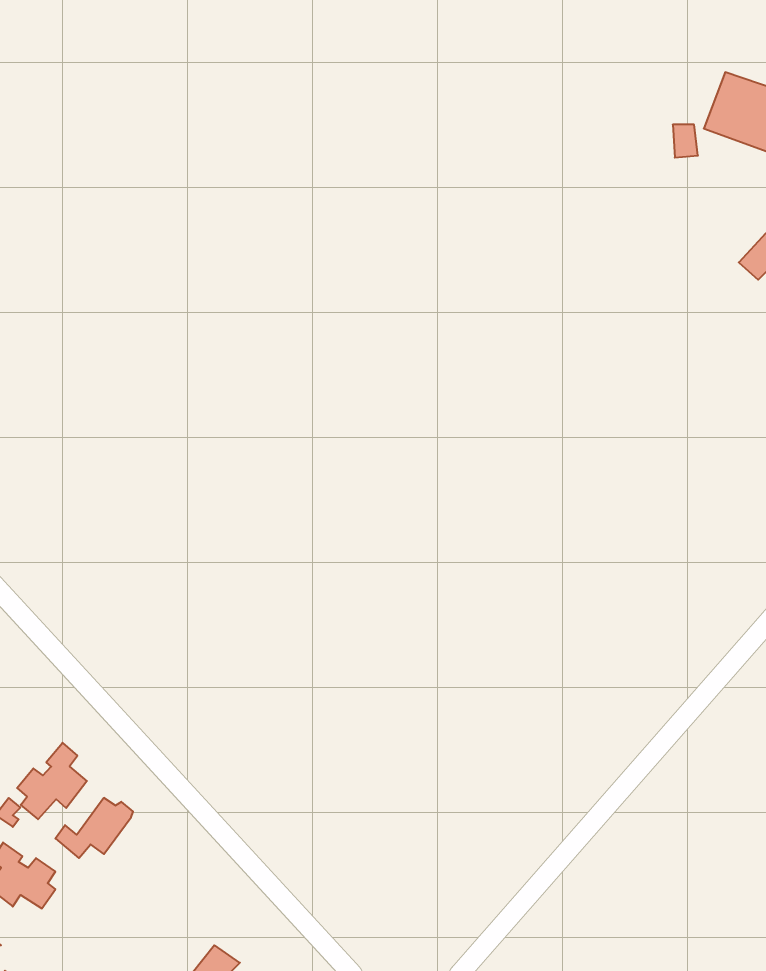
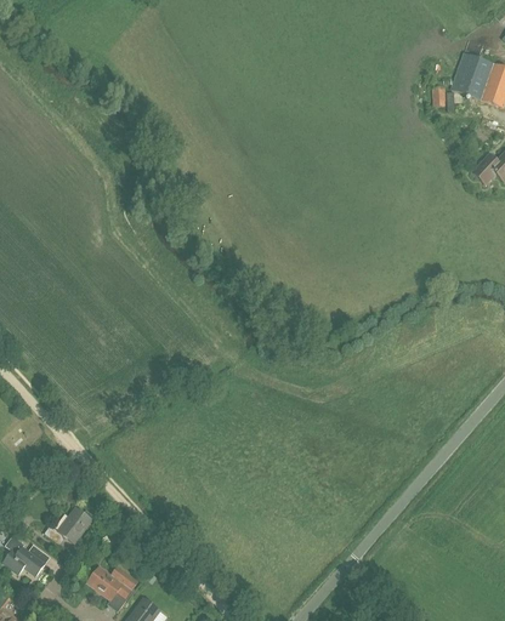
building: [17,743,87,819] -> none
building: none -> [87,566,138,600]

